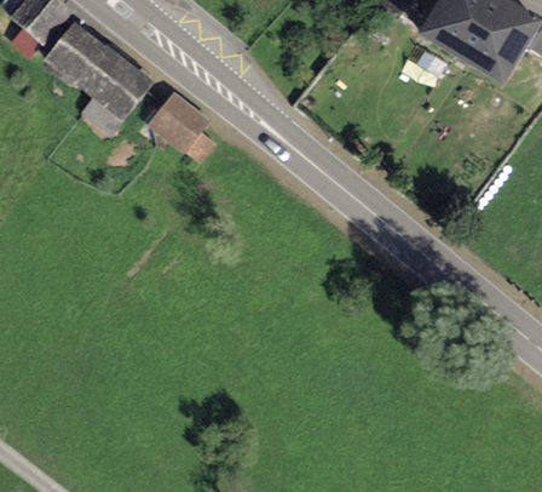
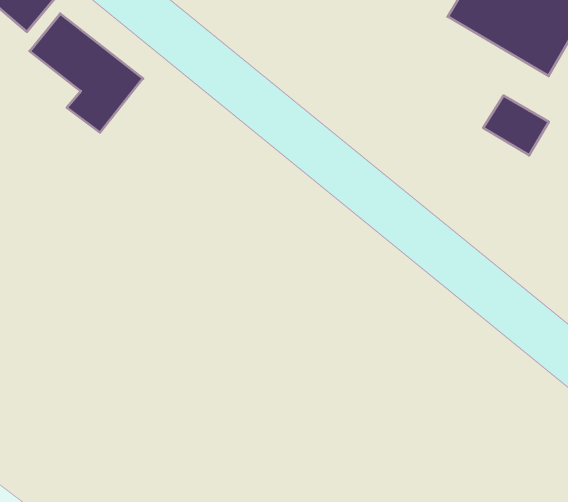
building: [154,95,209,154] -> none
building: none -> [483,96,549,155]

